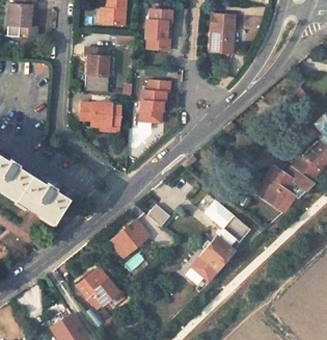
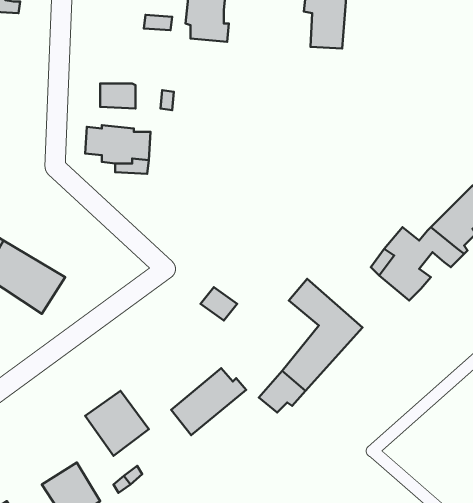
building: [85,48,108,77] -> none
building: [134,80,163,122] -> none
building: [112,214,159,256] -> [171,368,246,435]

